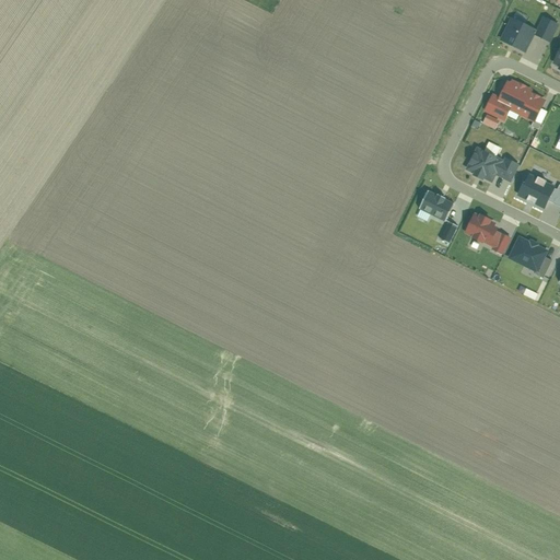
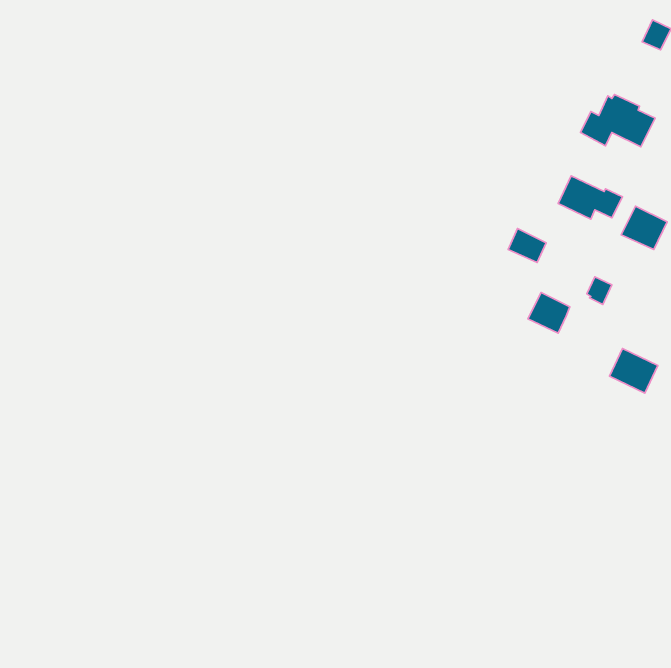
building: [500,16,536,51] -> none
building: [464,211,499,245] -> [528,292,570,333]
building: [508,235,548,272] -> [609,349,658,393]

